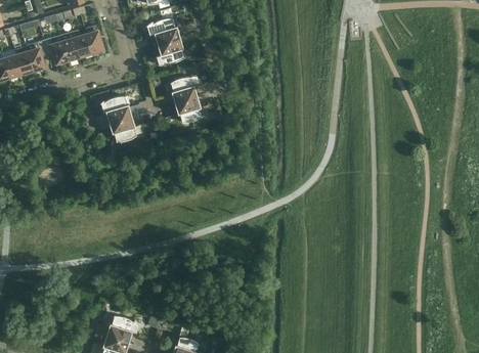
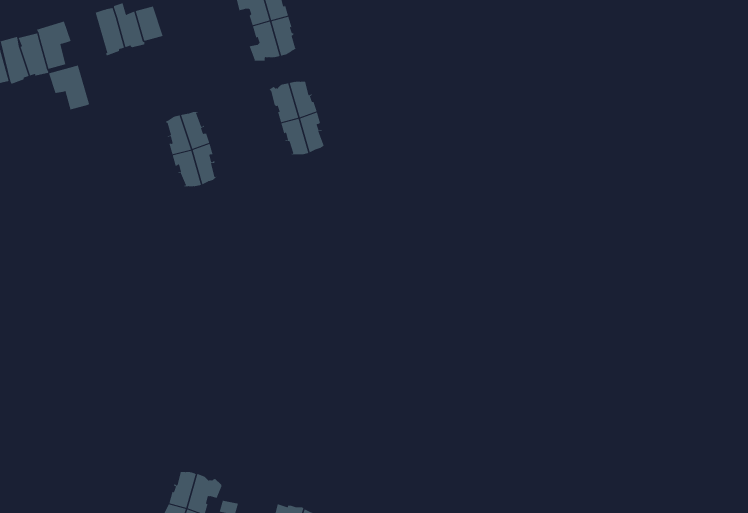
building: [43,36,69,63] -> [48,65,90,110]

